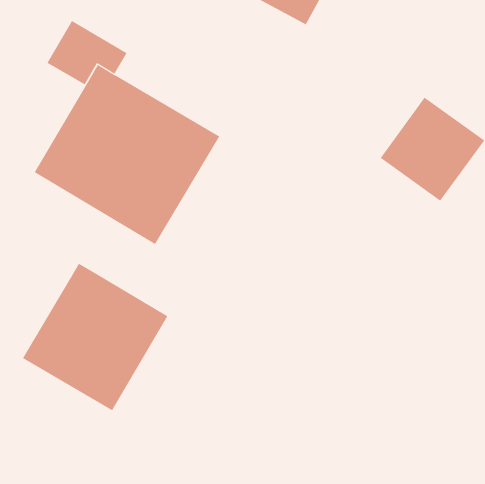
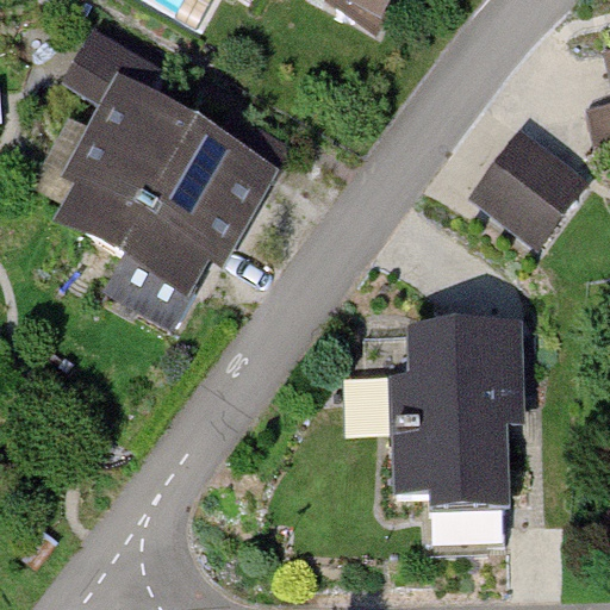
building: none -> [387,322,527,510]
building: [22,263,168,411] -> none

